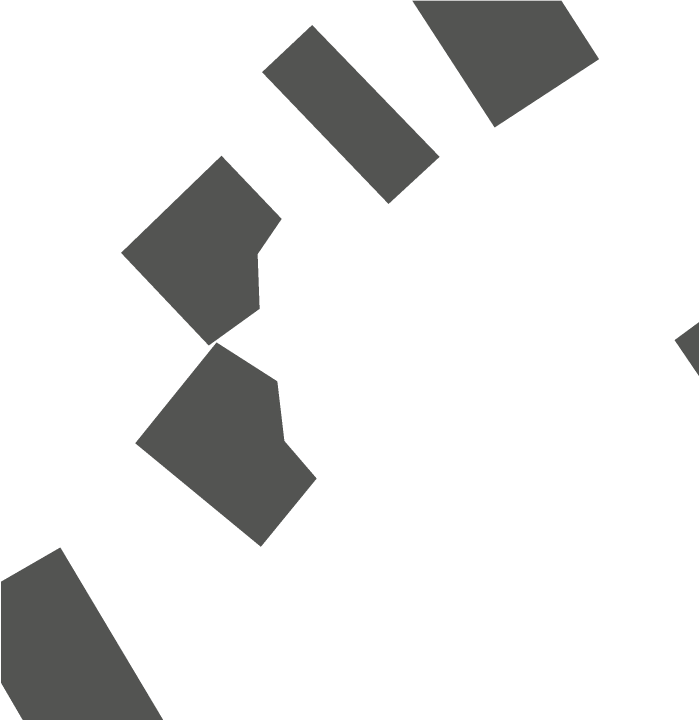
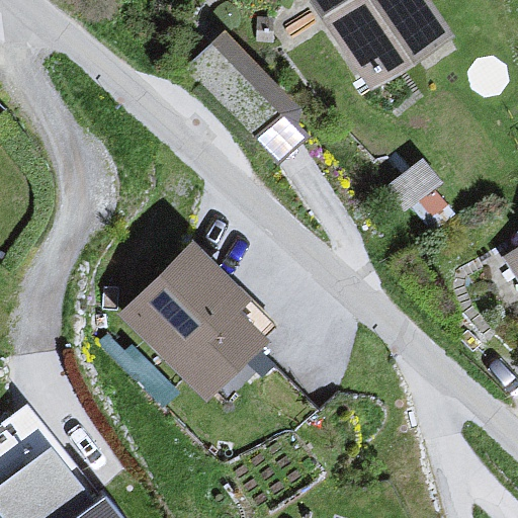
building: [120,155,283,347] -> none

